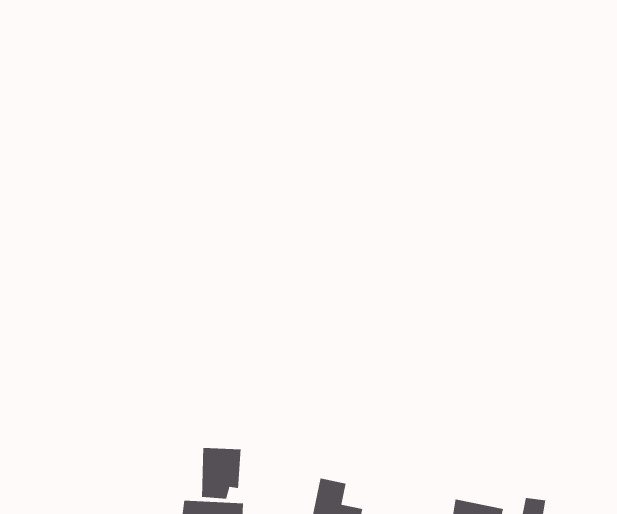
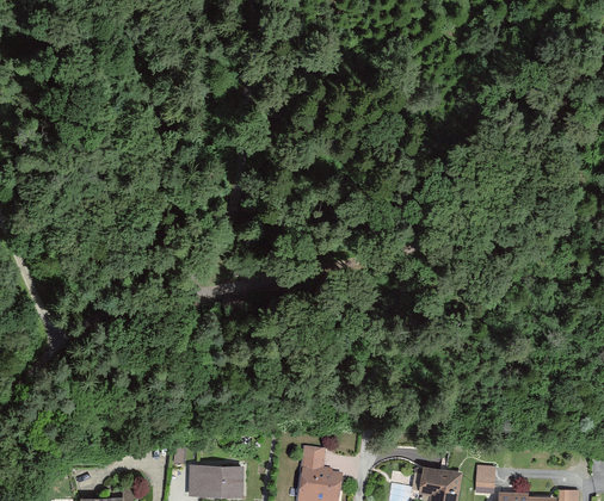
building: [201,447,241,500] -> none

